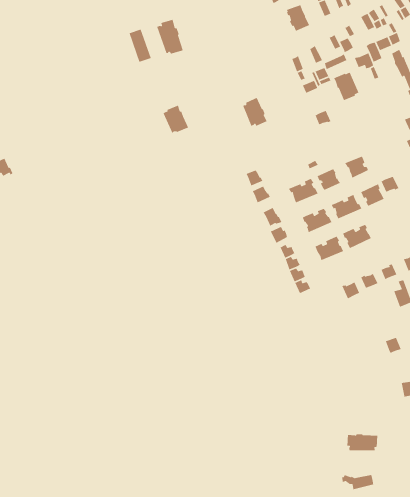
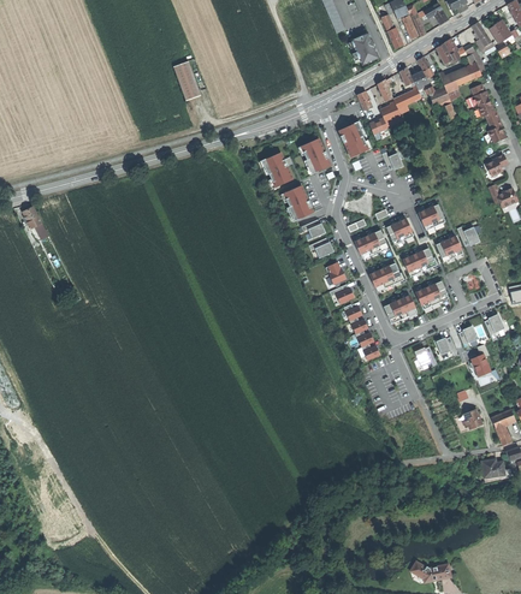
building: [156,19,184,55] -> none
building: [333,71,360,101] -> [338,124,368,158]
building: [162,105,189,134] -> [264,153,294,186]
building: none -> [284,185,314,219]
building: [347,434,378,451] -> none

